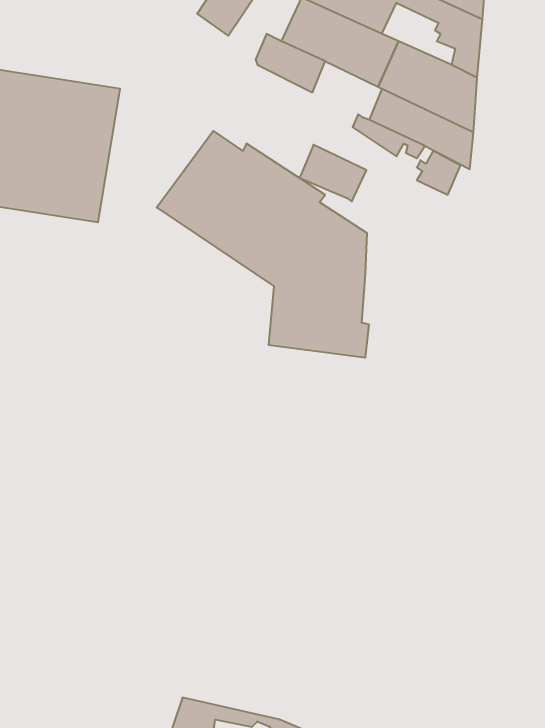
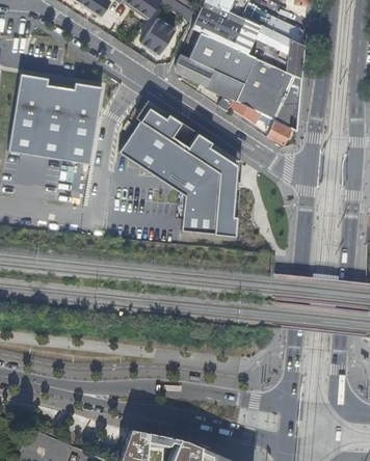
building: [299,145,366,201] -> [206,69,244,101]

